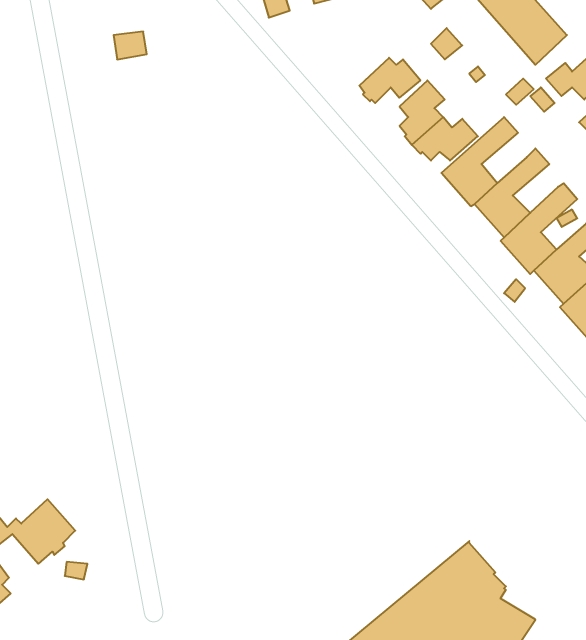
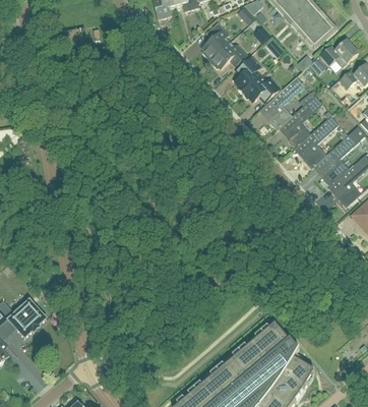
building: none -> [202,21,229,58]

